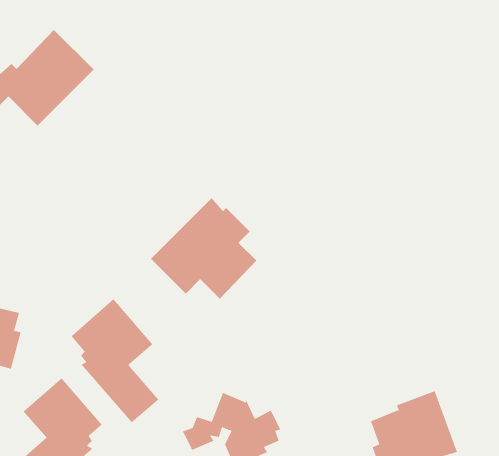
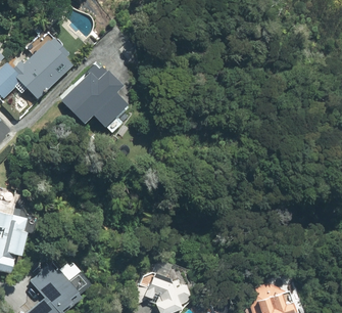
building: [150,197,257,299] -> [60,61,128,126]
building: [71,299,159,423] -> none

